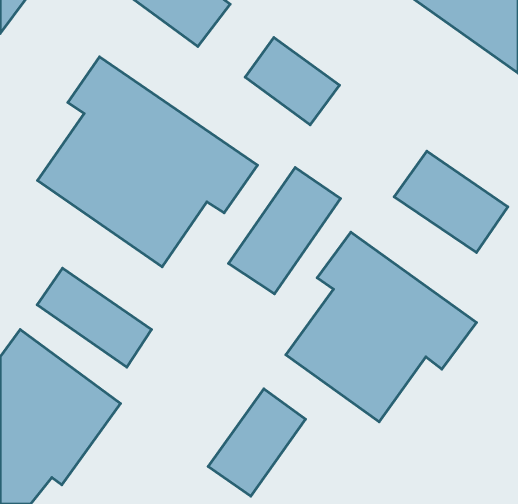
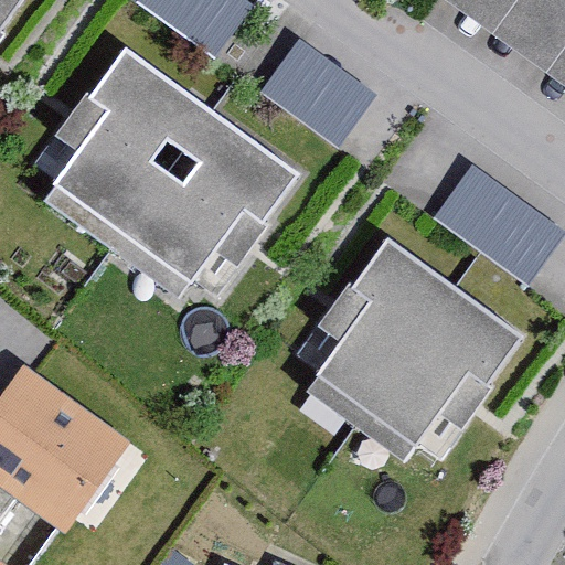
building: [229,167,340,294] -> none
building: [37,268,151,367] -> none
building: [208,389,305,496] -> none

